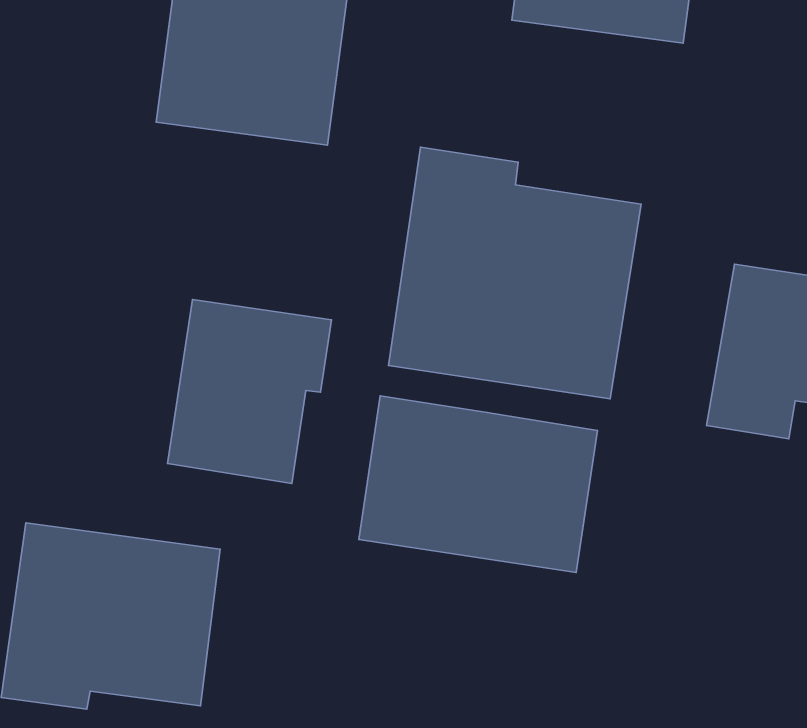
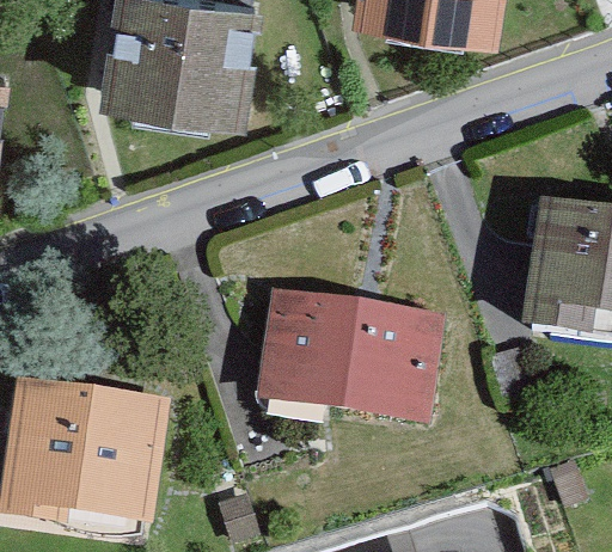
building: [389,147,641,399] -> none
building: [168,299,332,484] -> none

